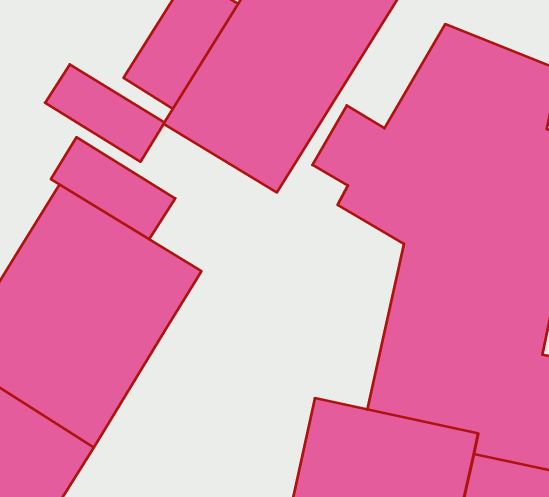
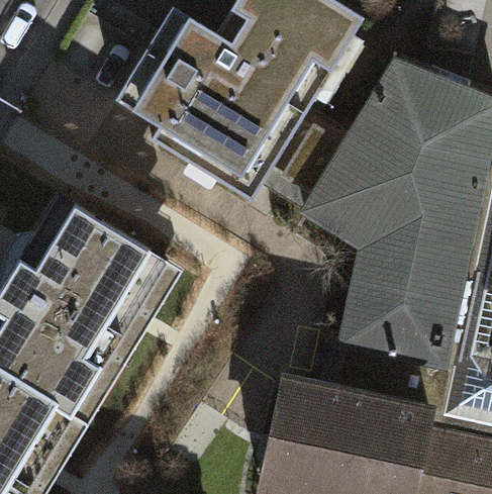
building: [45,64,164,162] -> none
building: [51,137,175,239] -> none

